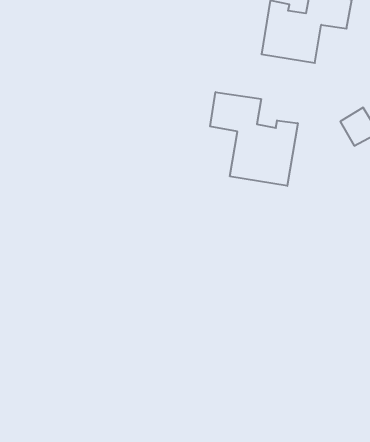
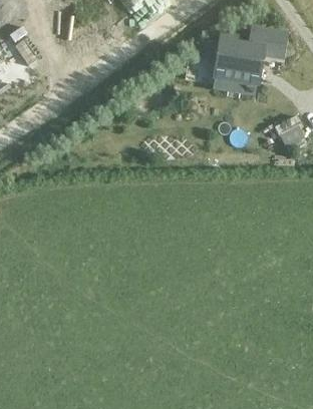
building: [210,92,298,186] -> none

